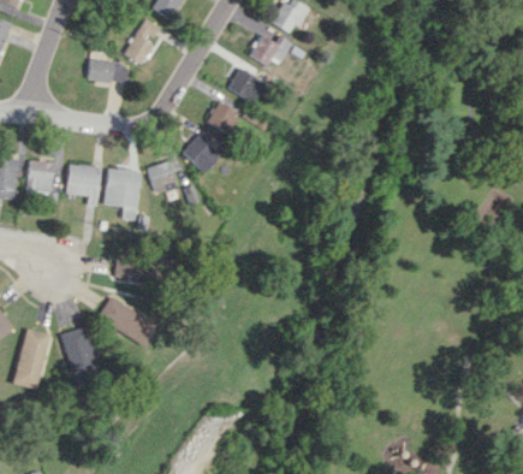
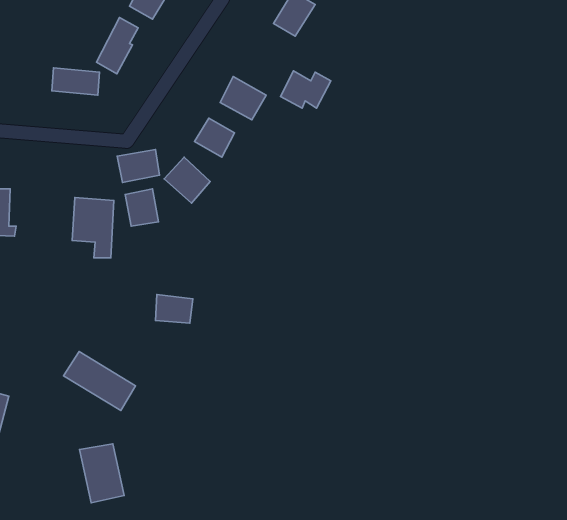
building: [250,34,292,65] -> [281,71,331,108]
building: none -> [117,149,159,182]
building: [66,164,101,199] -> none
building: [115,256,147,280] -> [155,295,193,323]
building: [63,327,100,377] -> [80,444,124,503]

